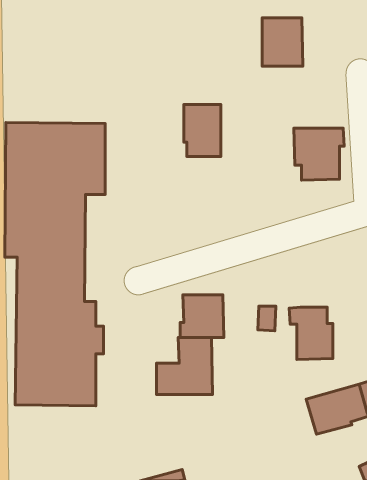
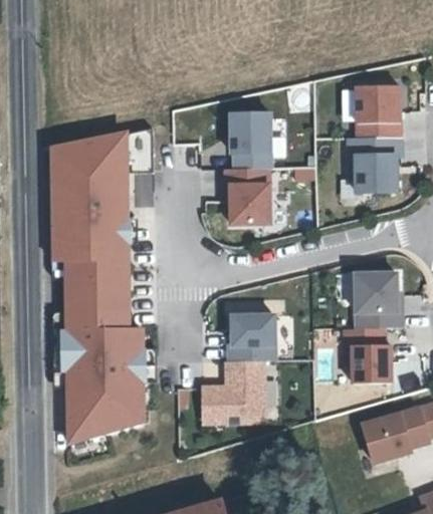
building: [262,18,303,66] -> [359,86,402,138]
building: none -> [226,168,271,223]
building: none -> [357,273,403,327]

